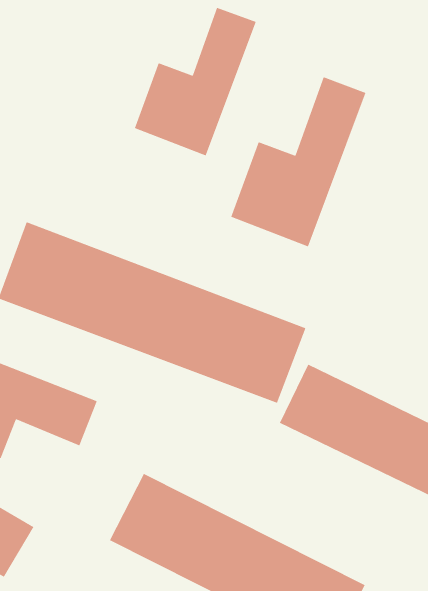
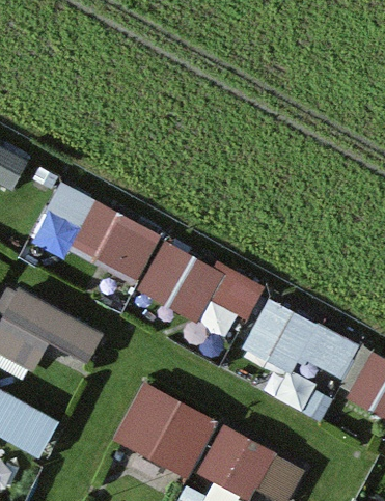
building: [134,7,257,156] -> none
building: [230,76,366,247] -> none

